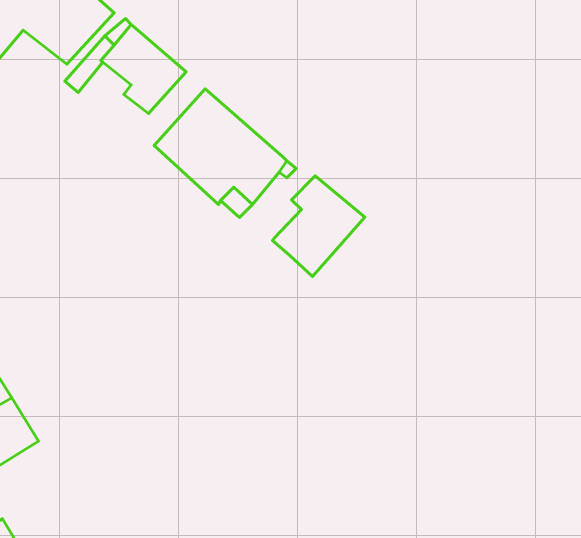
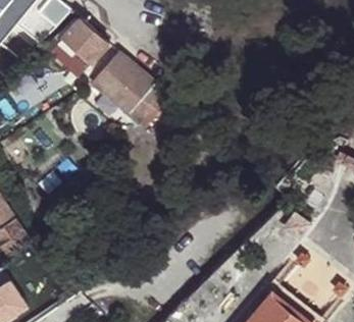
building: [273,176,365,276] -> none

